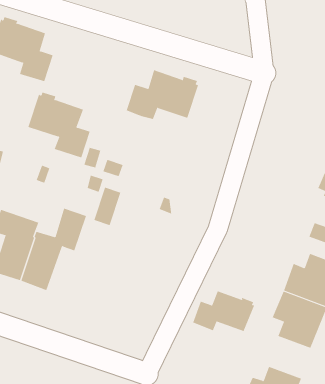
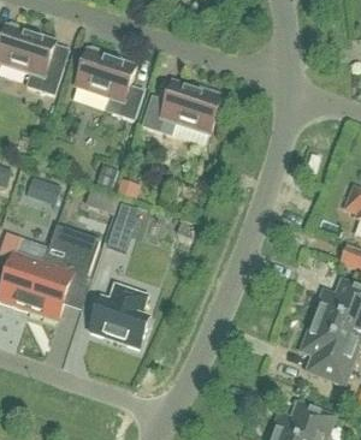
building: [27,92,91,158] -> [75,46,143,118]
building: none -> [89,284,148,347]
building: [192,290,255,332] -> none

